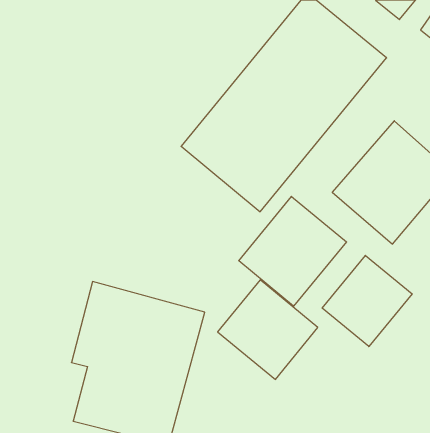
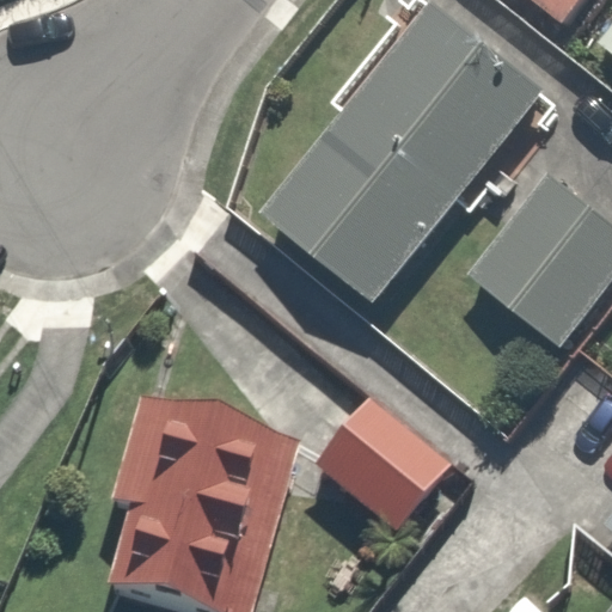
building: [239,196,347,306] -> none
building: [322,255,412,347] -> none

